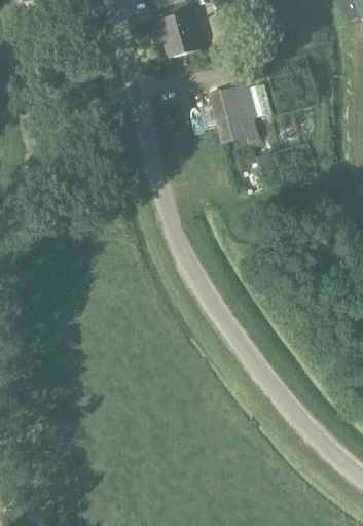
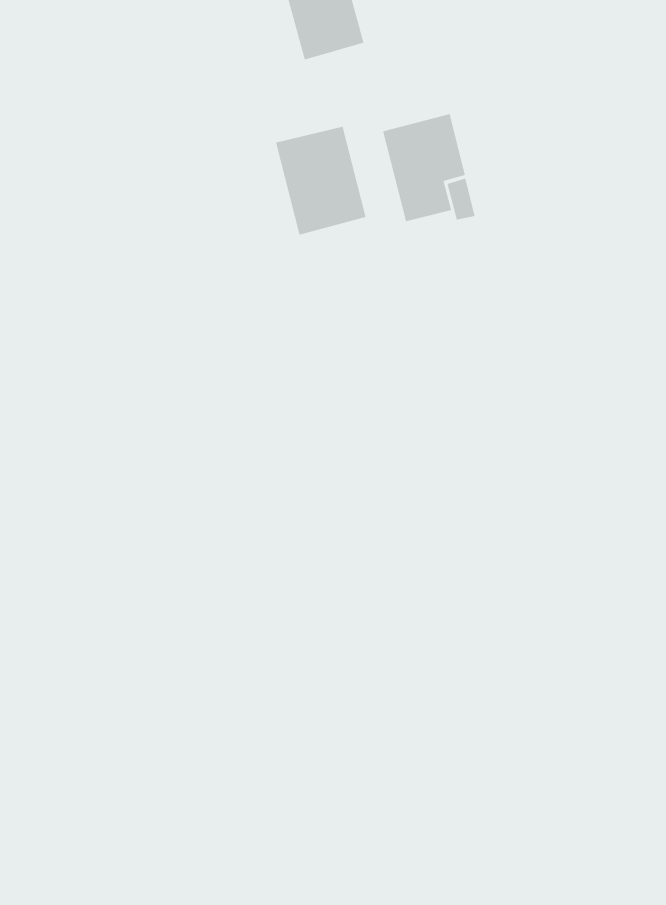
building: none -> [275,126,367,235]

